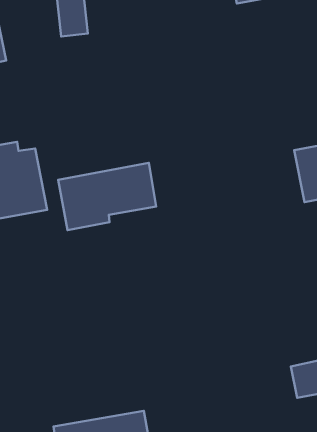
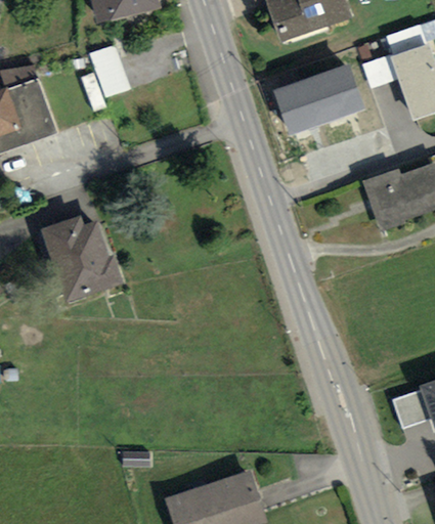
building: none -> [273,61,364,133]
building: [58,163,156,230] -> none

